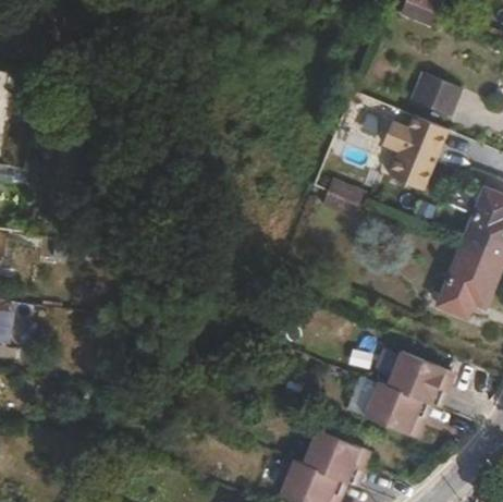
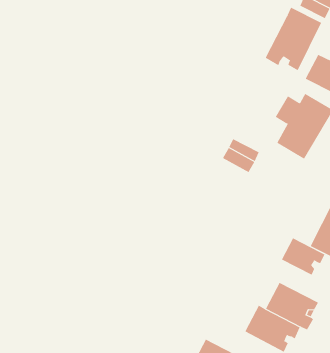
building: none -> [265,7,322,71]
building: none -> [281,237,325,276]

